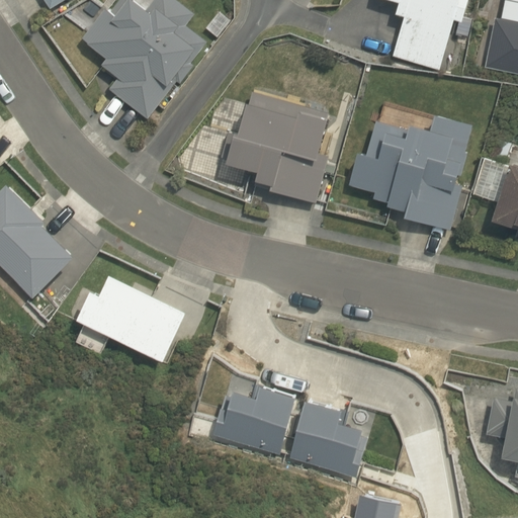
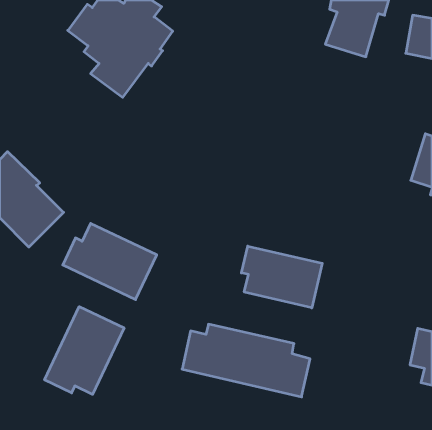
building: [225,92,328,202] -> none
building: [348,111,472,230] -> none
building: none -> [241,246,322,308]
building: none -> [45,307,124,394]

